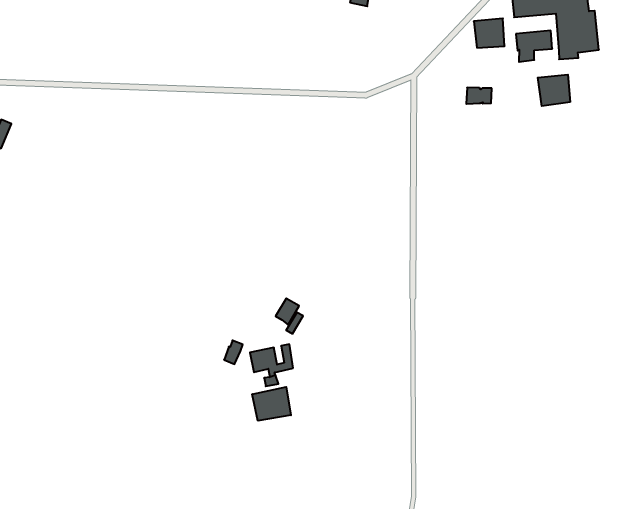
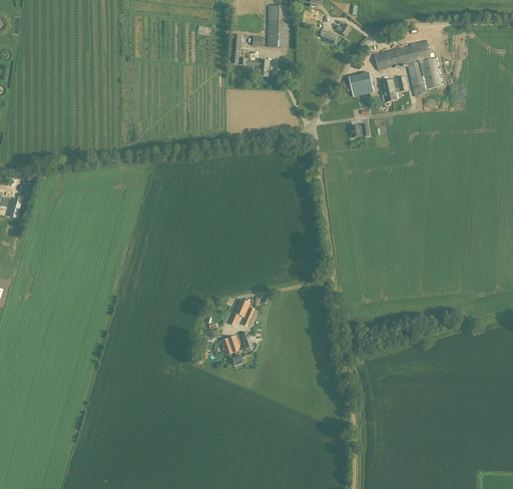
building: [538,75,570,106] -> none
building: [252,387,291,421] -> none

